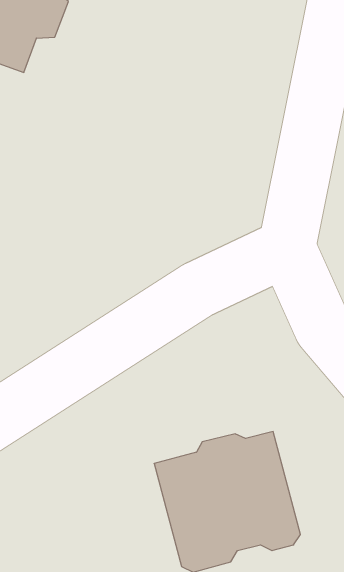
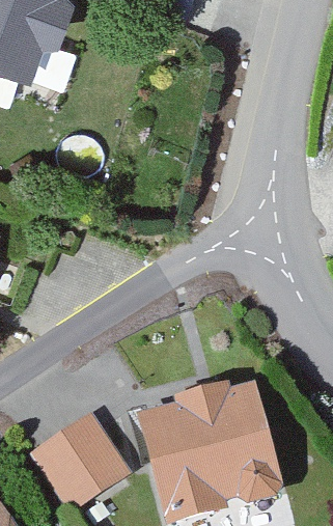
building: none -> [38,423,124,509]

